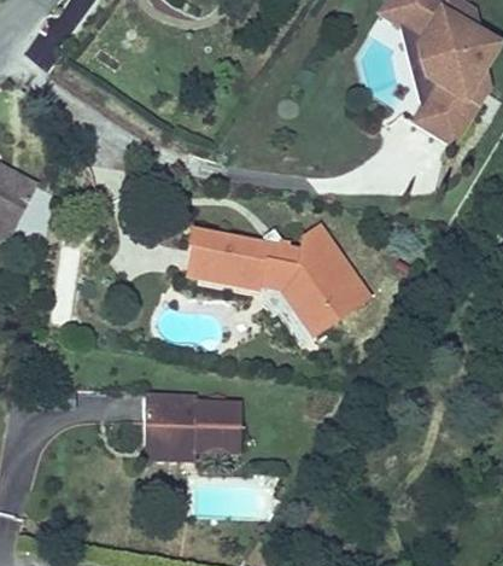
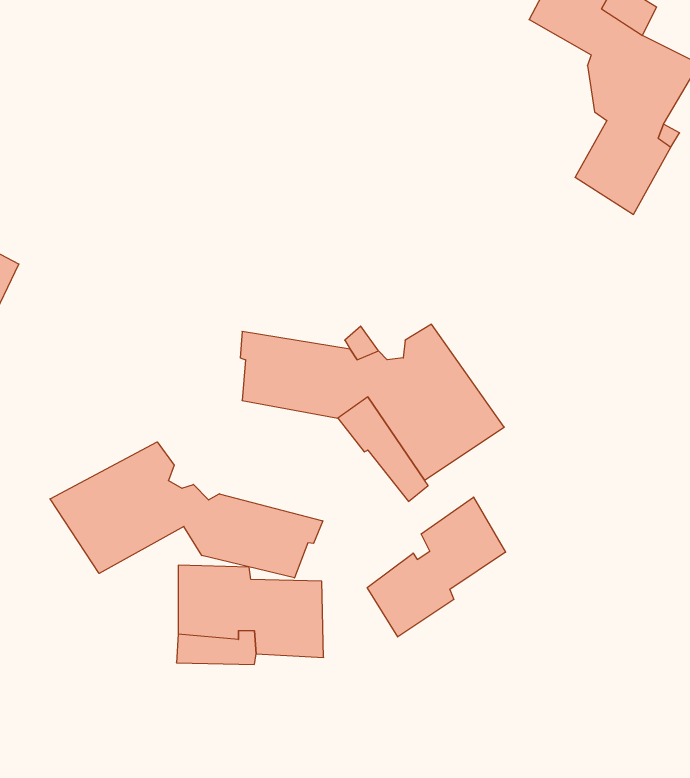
building: none -> [50,442,323,578]
building: none -> [367,497,506,637]

